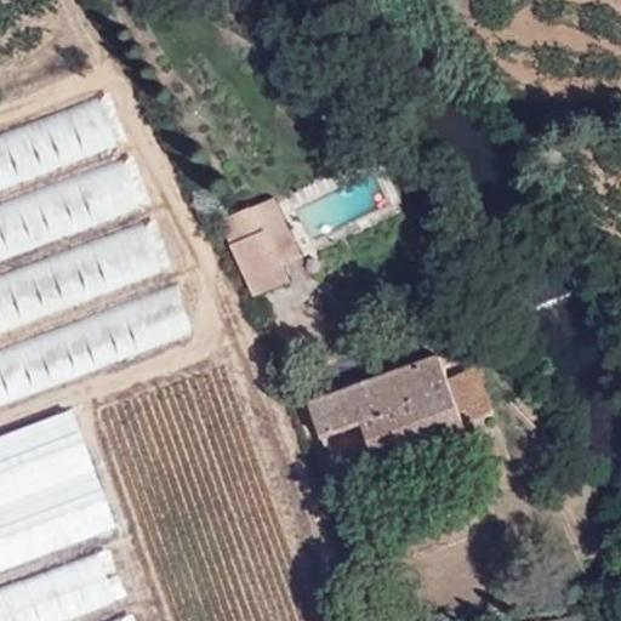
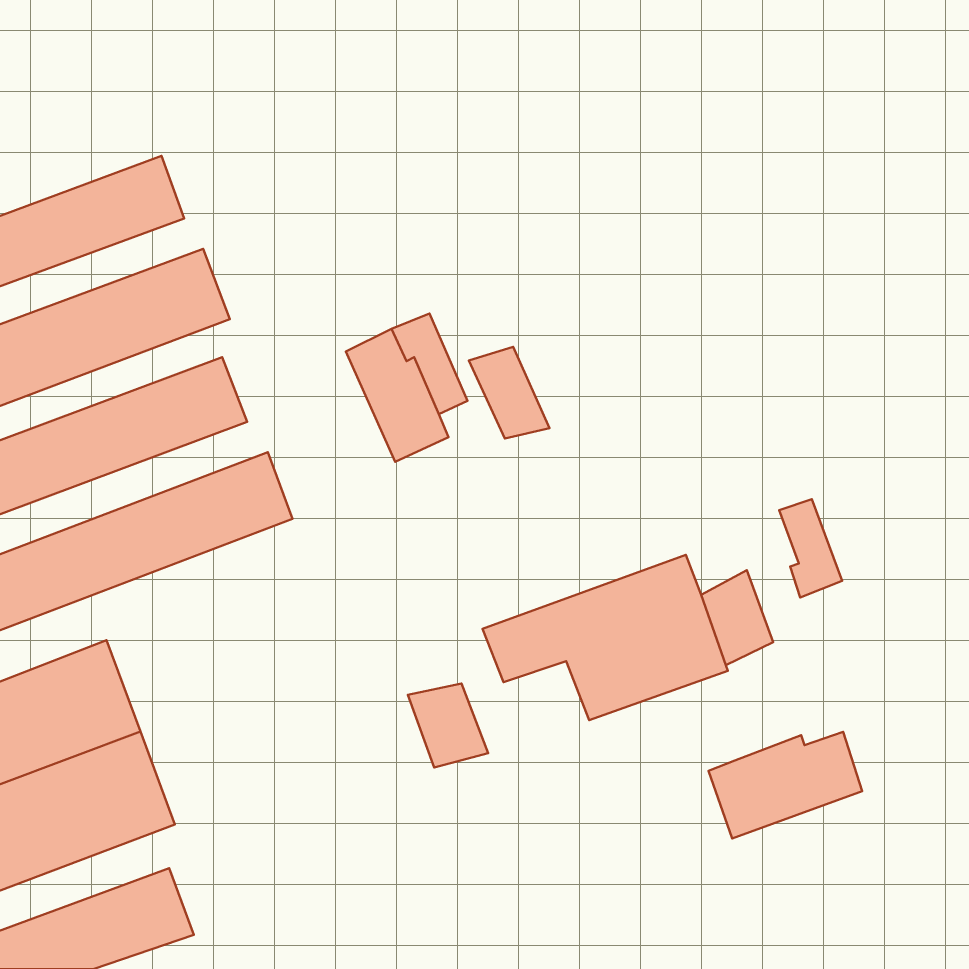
building: none -> [469,347,550,439]
building: none -> [779,499,842,597]
building: none -> [408,683,488,767]
building: none -> [709,732,862,838]

